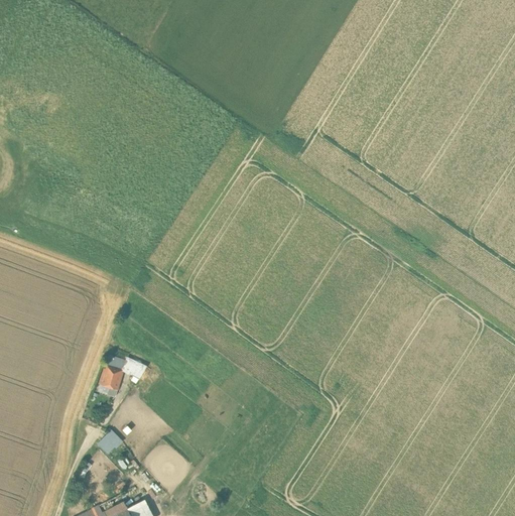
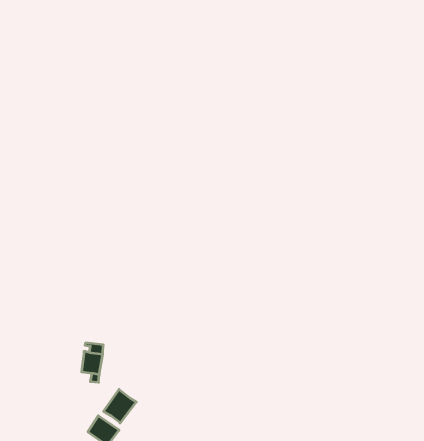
building: none -> [104,389,136,423]

